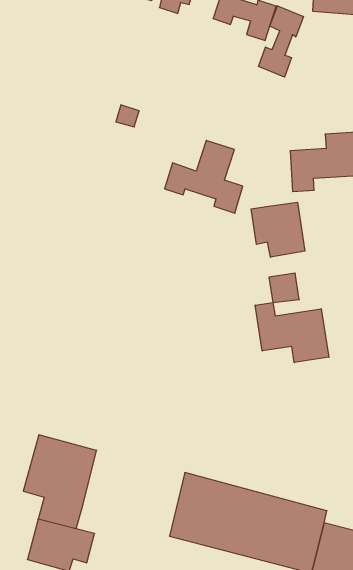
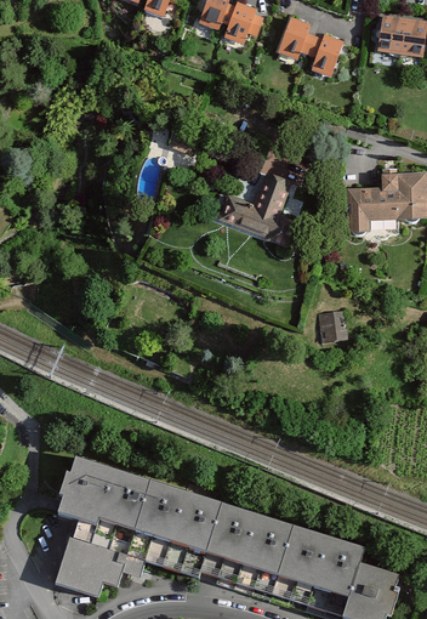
building: [258,6,303,77] -> none
building: [251,202,305,257] -> none
building: [255,302,329,363] -> none
building: none -> [116,477,221,573]

